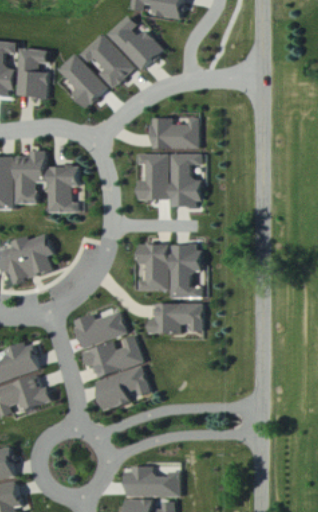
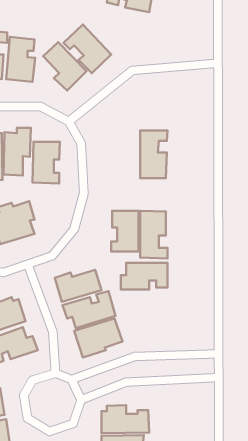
building: [110,15,165,70] -> none
building: [152,117,198,148] -> none
building: [137,153,168,200] -> none

